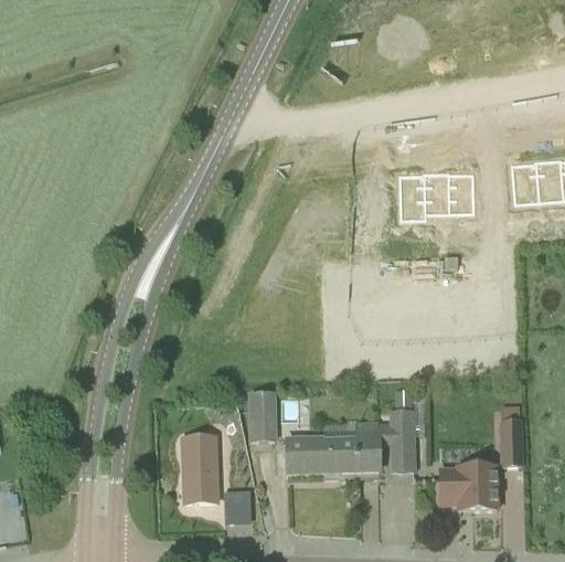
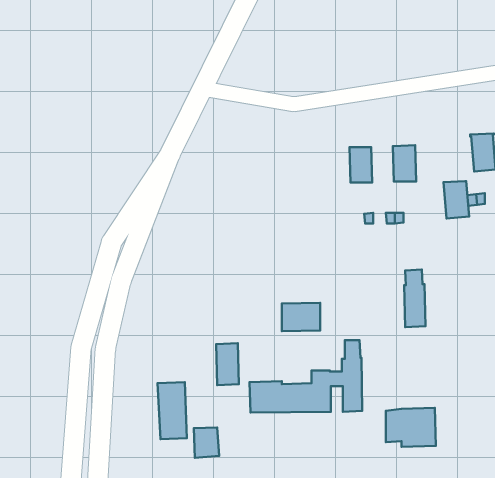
building: [511,161,540,203] -> [444,181,469,219]
building: [423,171,449,213] -> none
building: none -> [282,303,320,331]
building: [499,405,523,470] -> [404,269,426,327]

